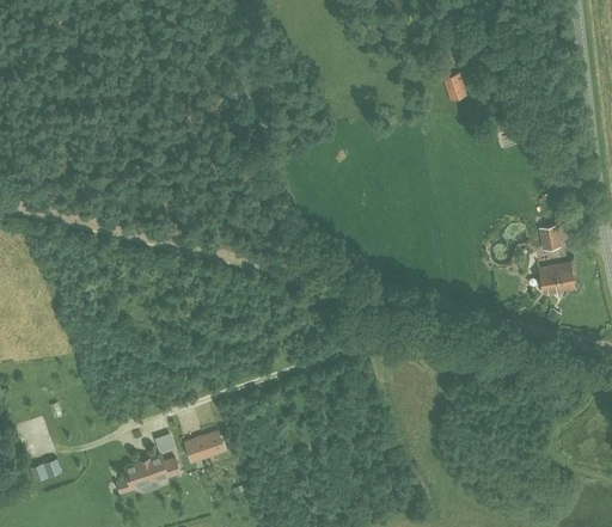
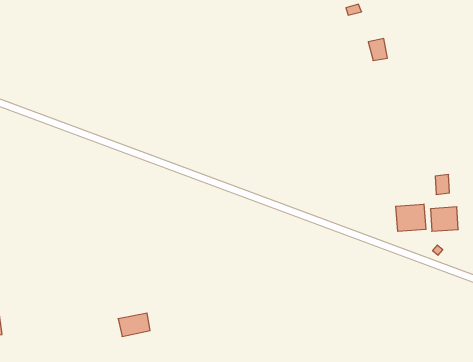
building: none -> [396,204,426,231]
building: [116,454,179,492] -> none

